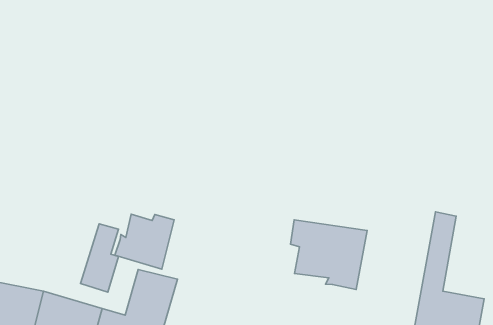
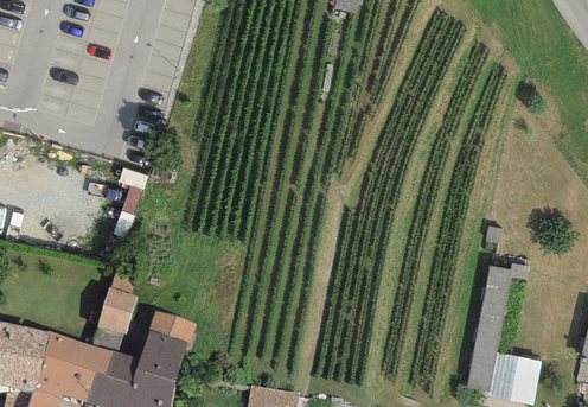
building: [115,214,174,269] -> none
building: [291,220,367,290] -> none

